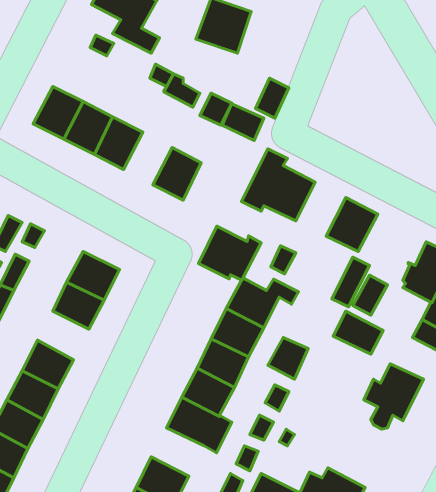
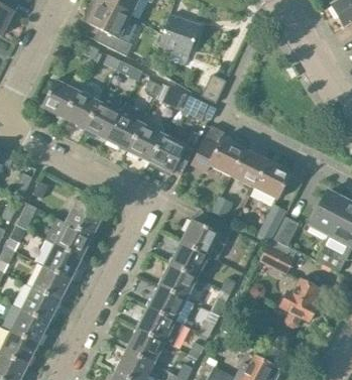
building: none -> [107,101,148,151]
building: none -> [232,149,268,188]
building: [199,226,261,280] -> [150,135,196,174]
building: none -> [44,243,82,278]
building: none -> [127,328,165,363]

